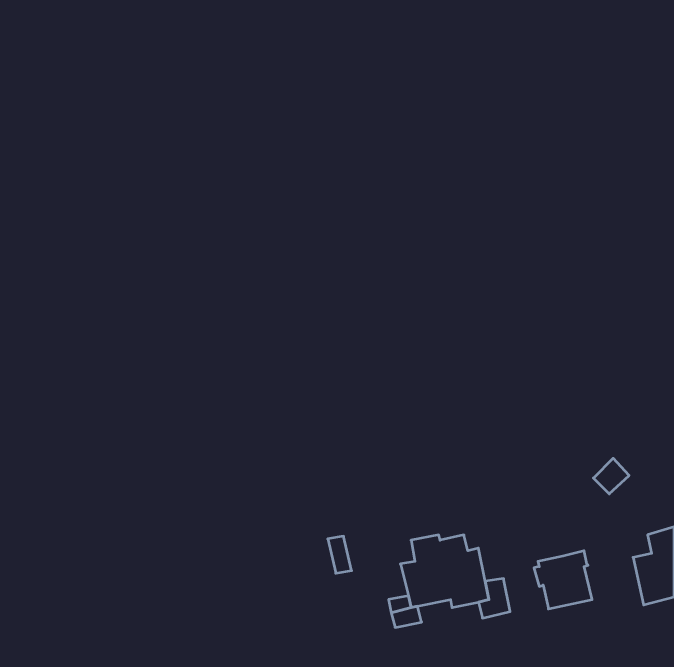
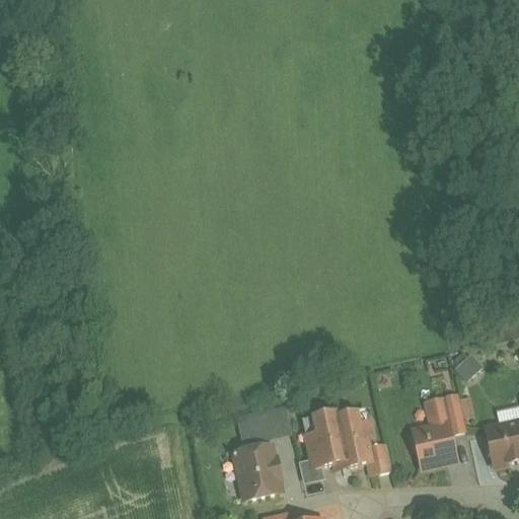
building: none -> [426,394,466,433]
building: none -> [264,406,292,438]
building: none -> [234,444,280,499]

